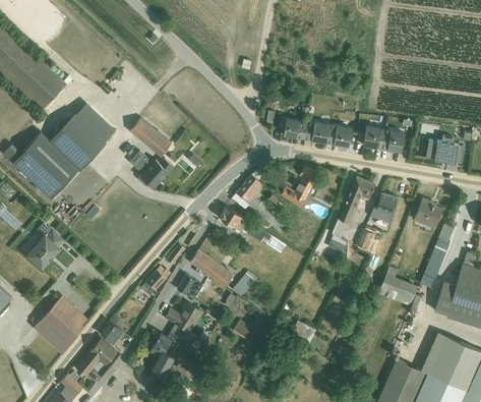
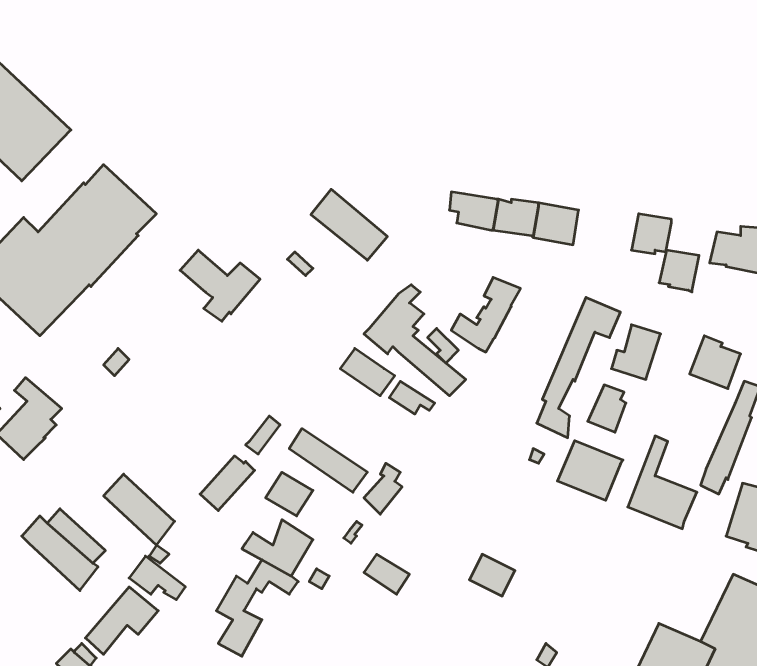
building: [129,117,172,157] -> [311,189,387,260]
building: [363,127,385,151] -> [659,250,699,292]
building: none -> [557,441,623,500]
building: [34,314,73,354] -> [104,474,175,545]

